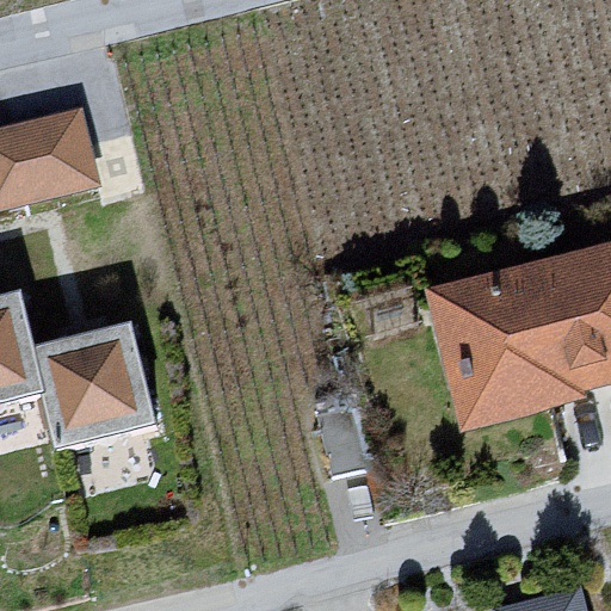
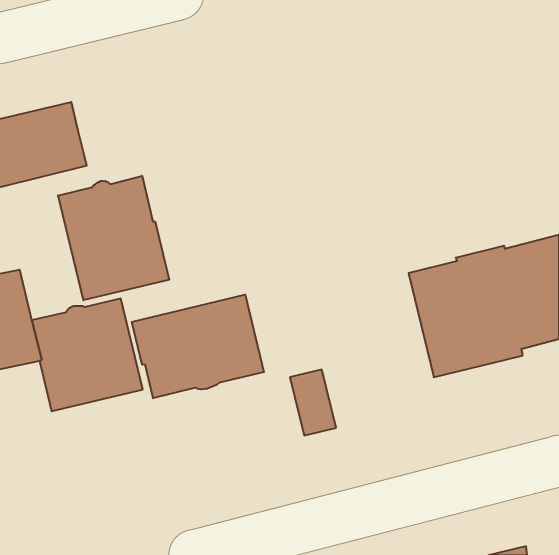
building: none -> [58,176,169,300]
building: none -> [132,295,264,398]

